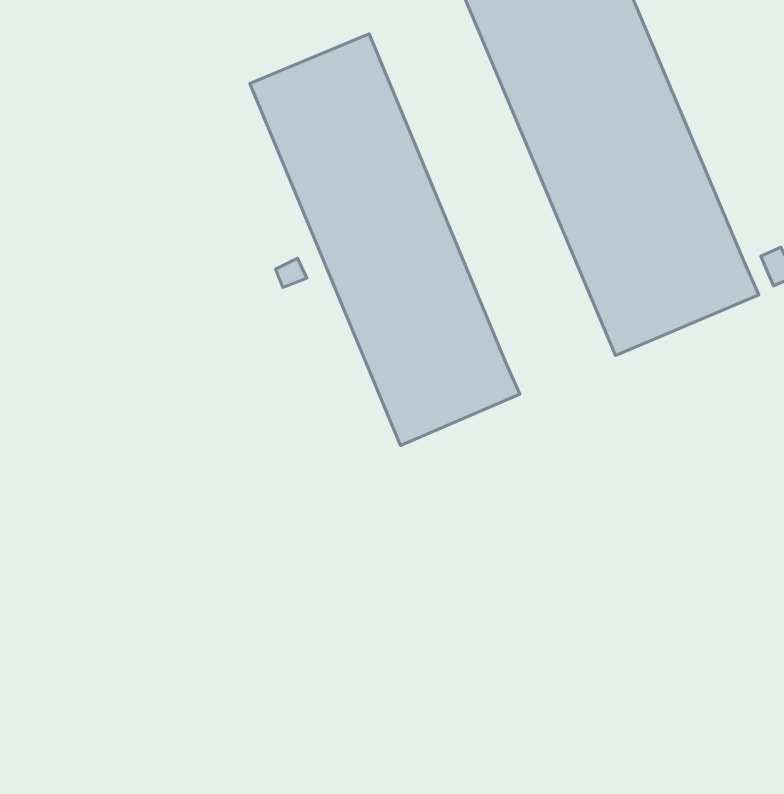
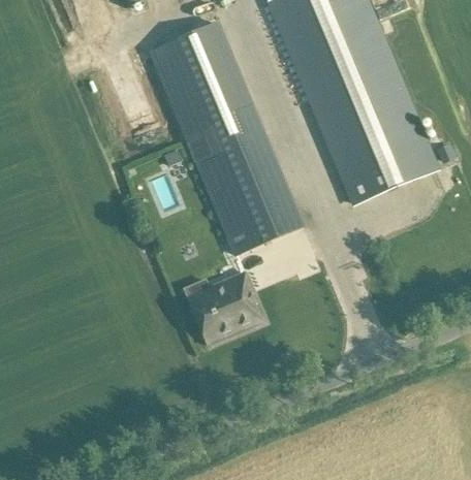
building: none -> [190,271,264,340]

